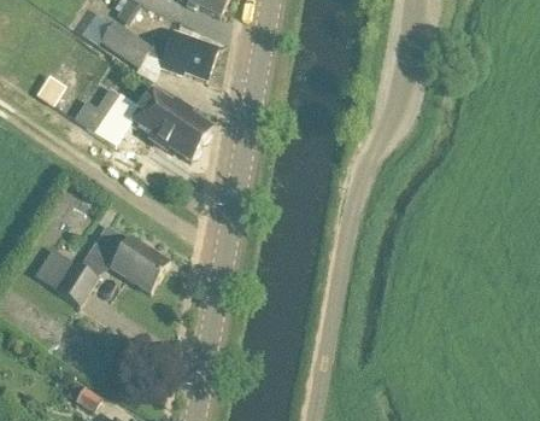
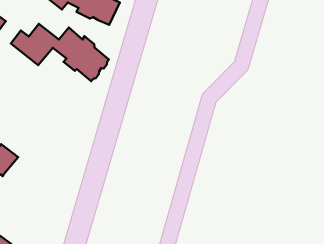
building: [88,224,169,293] -> none

